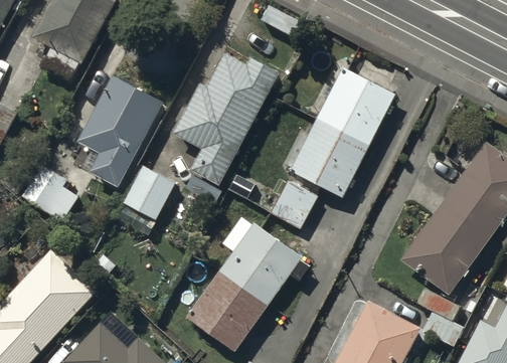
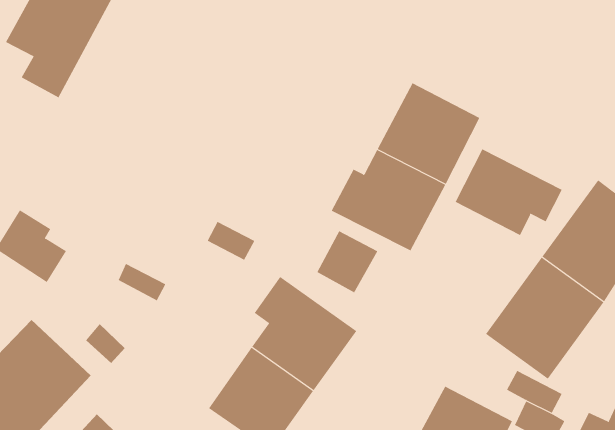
building: [173,51,279,182] -> none
building: [78,74,163,184] -> none
building: none -> [455,148,563,236]
building: [124,165,176,218] -> none

